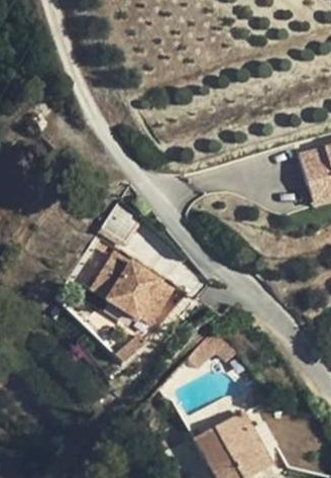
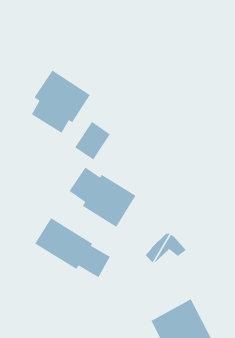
building: none -> [31,69,91,134]
building: none -> [34,217,111,278]

